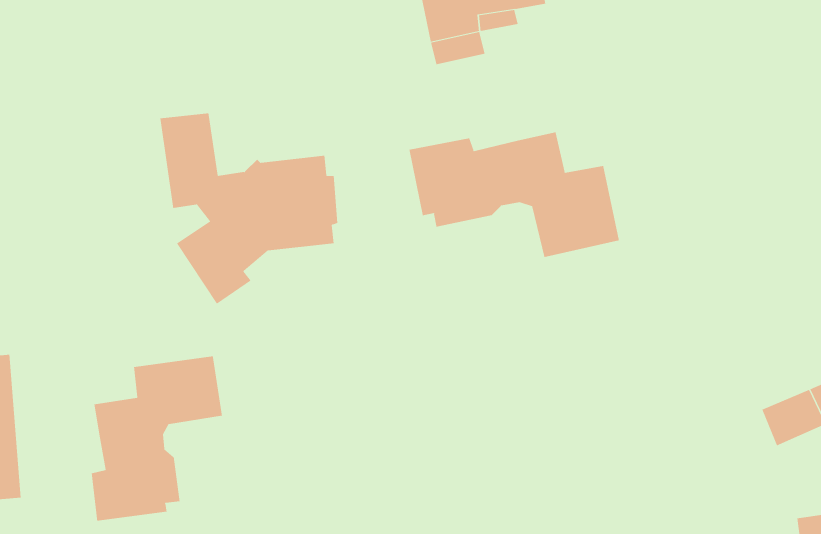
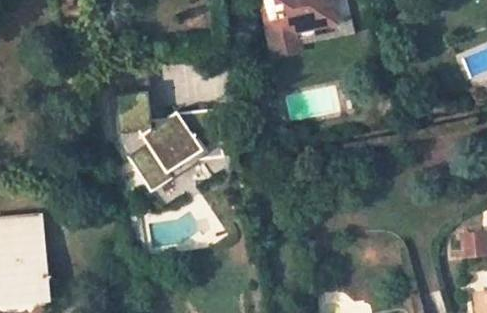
building: [409,132,620,258] -> none
building: [91,356,223,522] -> none

